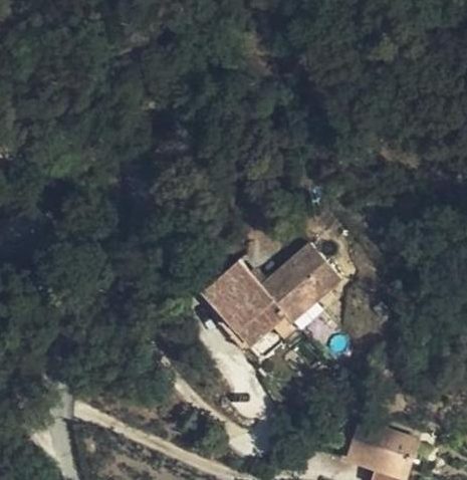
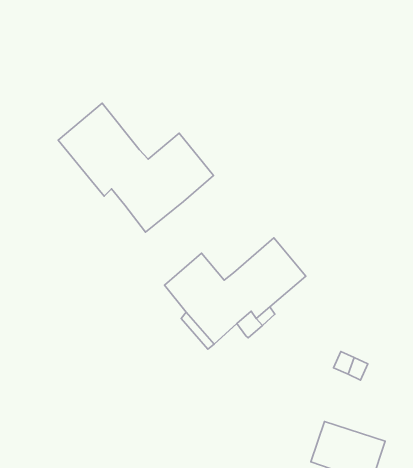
building: none -> [58,103,214,232]

